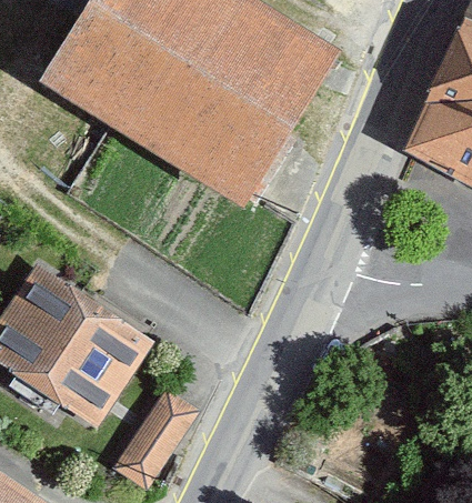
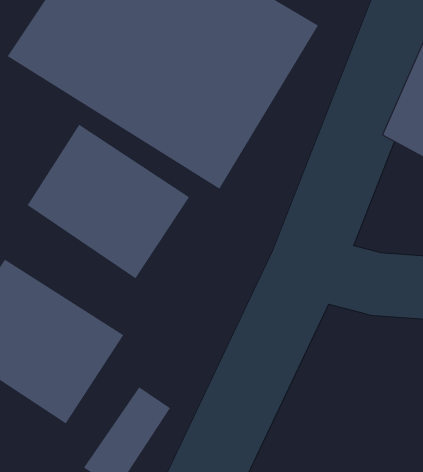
building: none -> [27,124,190,279]

